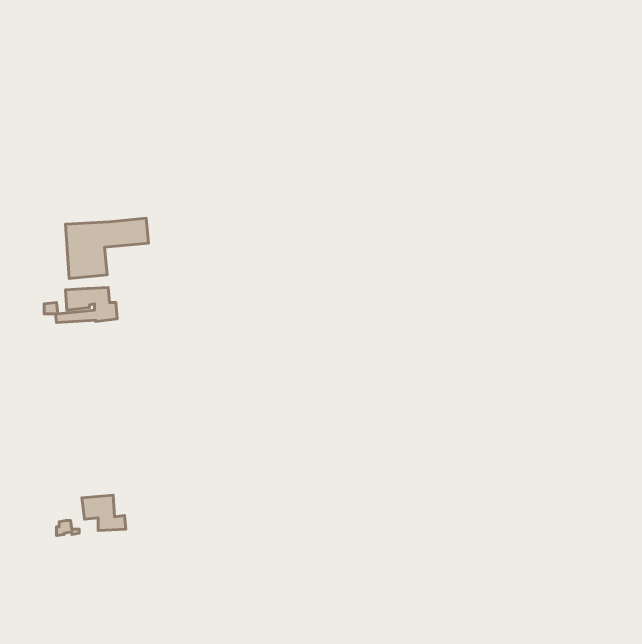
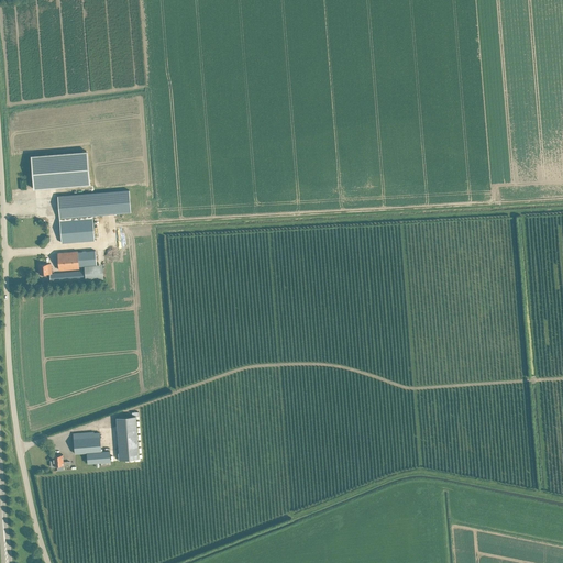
building: none -> [30,151,88,188]
building: none -> [115,416,139,460]

